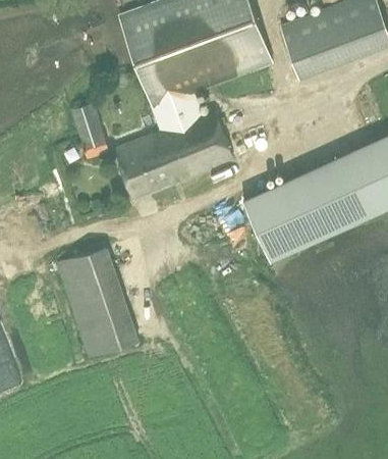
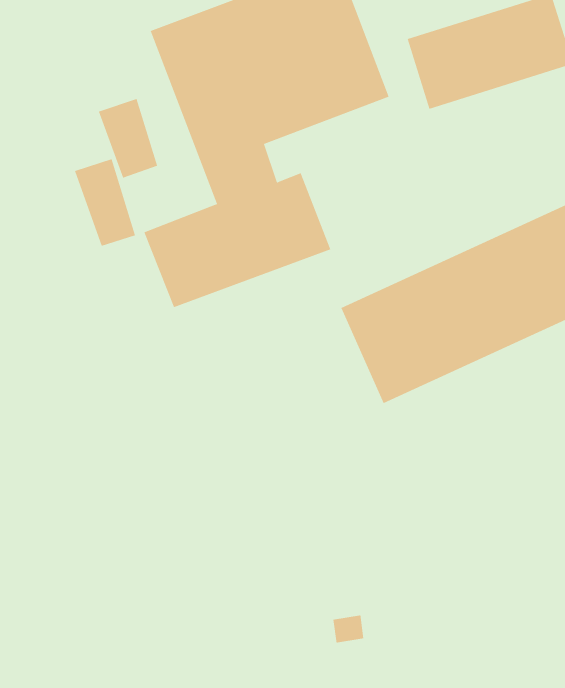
building: none -> [98,98,158,178]
building: [55,248,138,360] -> none

